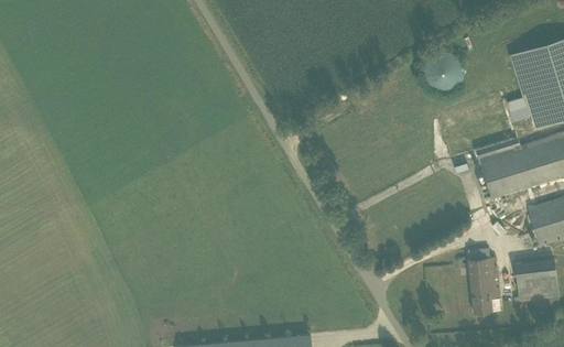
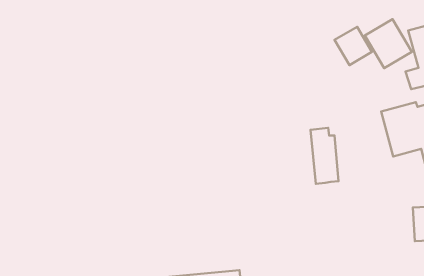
building: none -> [365,19,412,68]
building: [467,248,500,314] -> [310,128,338,184]

